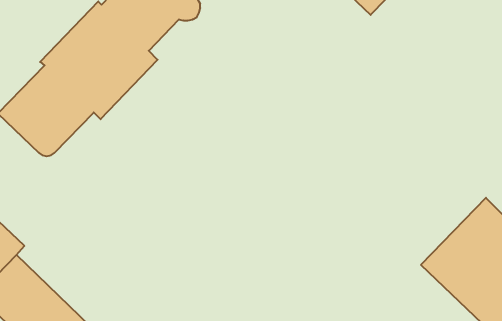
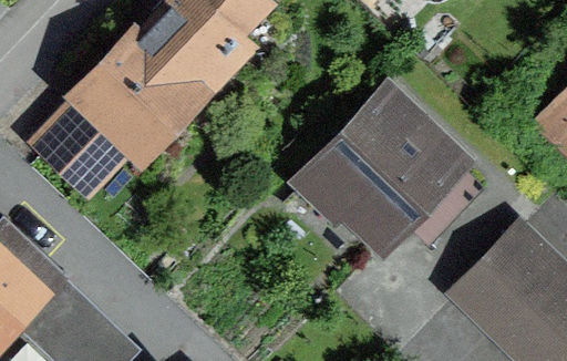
building: none -> [308,99,458,239]

